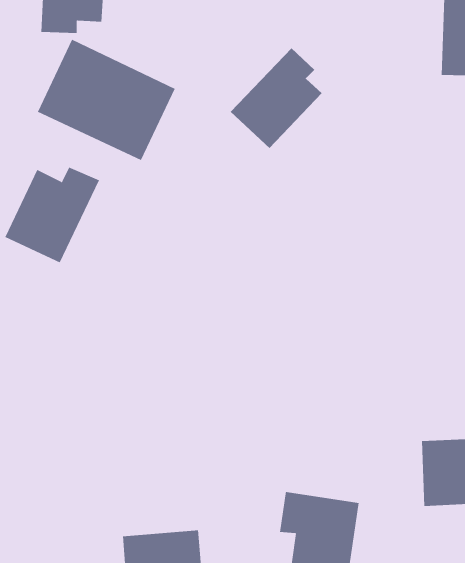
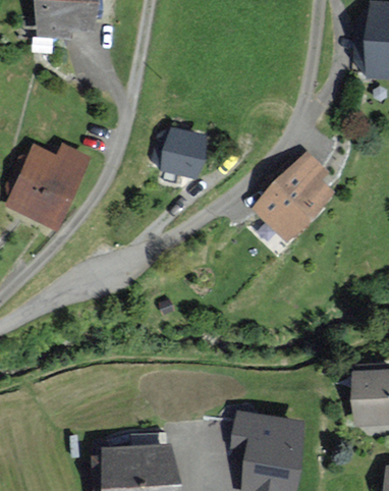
building: [37,39,175,161] -> none
building: [230,48,323,149] -> [255,154,331,237]
building: none -> [164,129,203,174]

